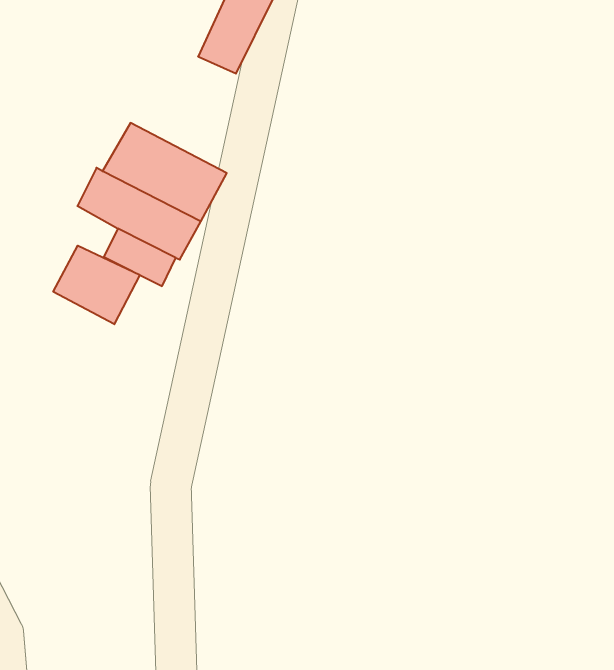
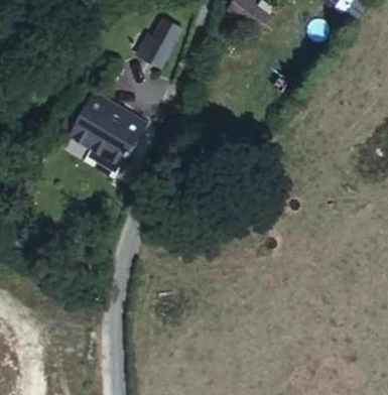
building: [53,246,140,324] -> none

